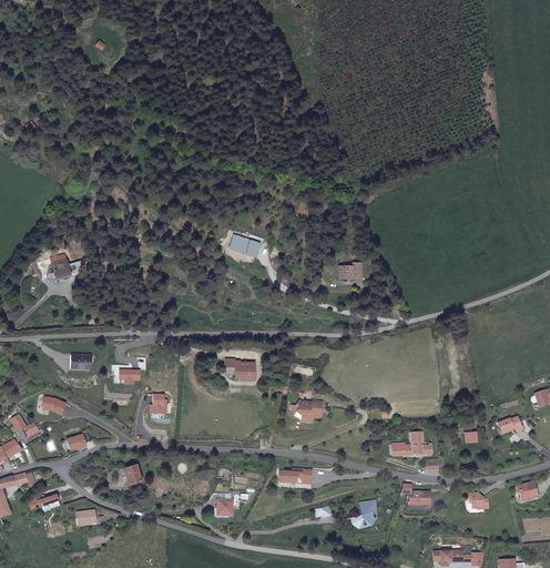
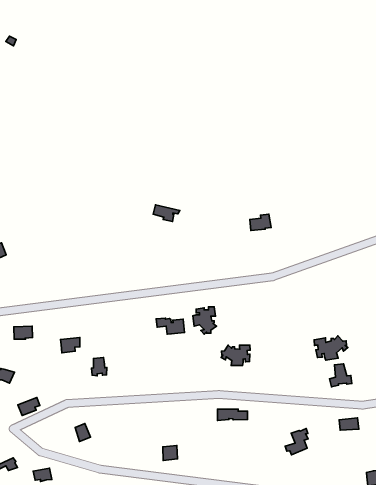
building: none -> [193,307,216,334]
building: none -> [314,336,348,360]

